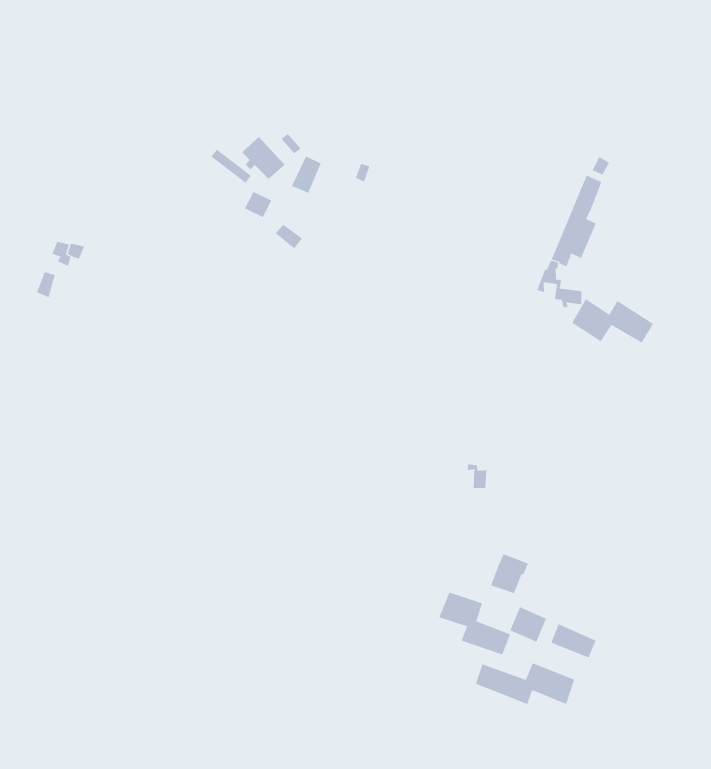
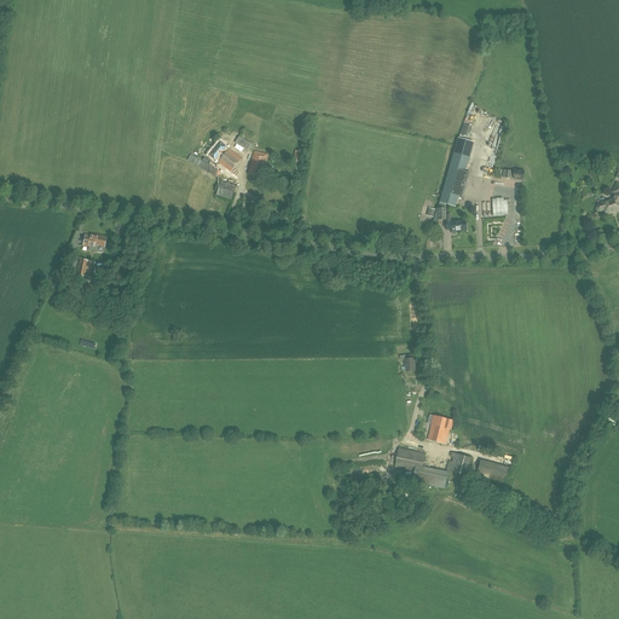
building: [571,298,654,344] -> none
building: [475,662,575,705] -> none

